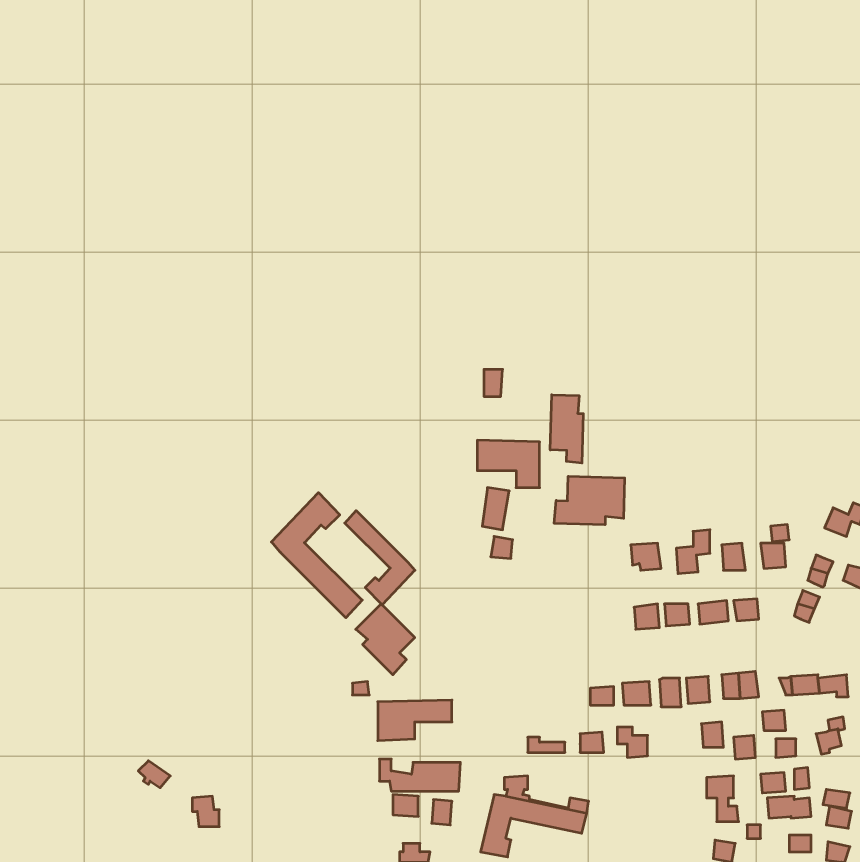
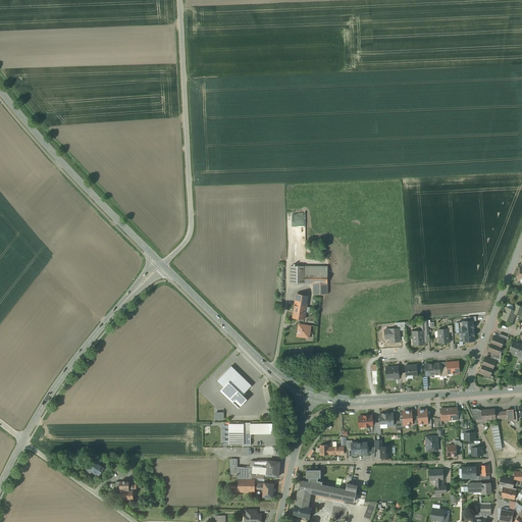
building: [550,395,583,463] -> none
building: [554,476,625,525] -> none
building: [271,493,362,618] -> none
building: [345,511,415,605] -> none

